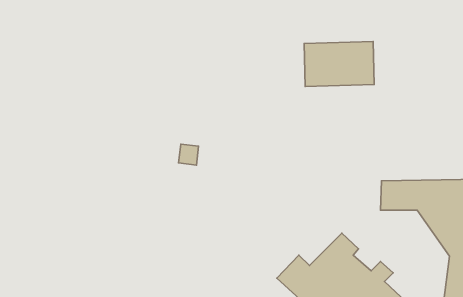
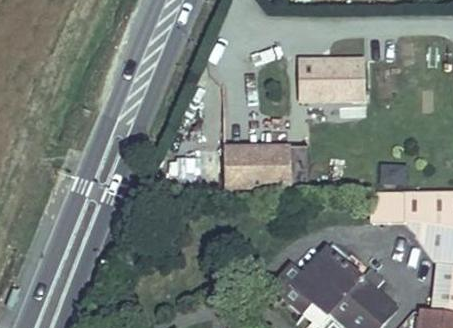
building: none -> [225,147,292,190]

